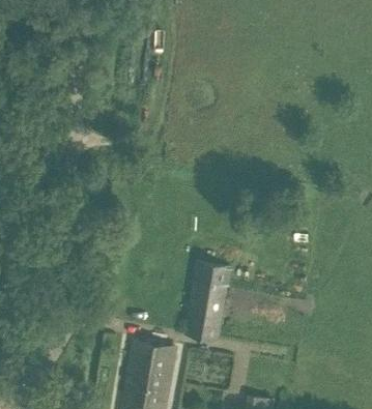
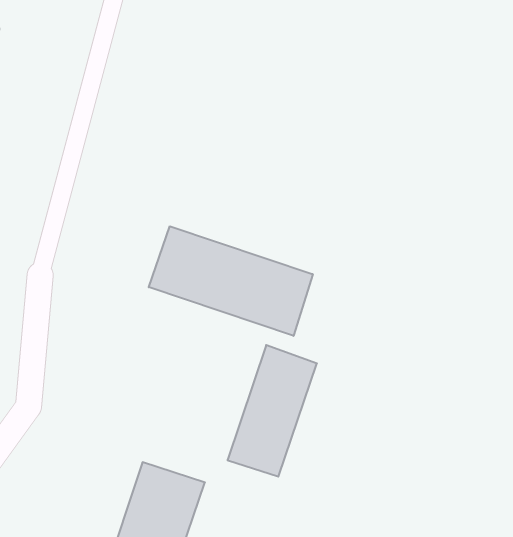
building: none -> [149,226,313,336]

